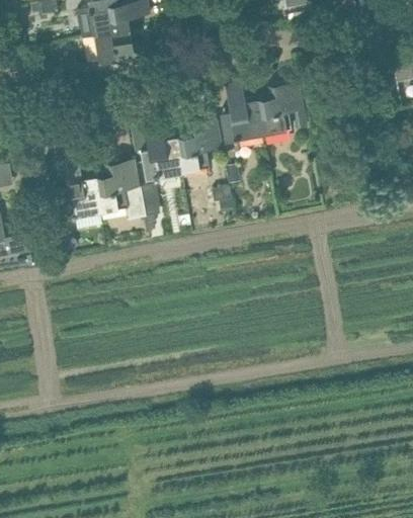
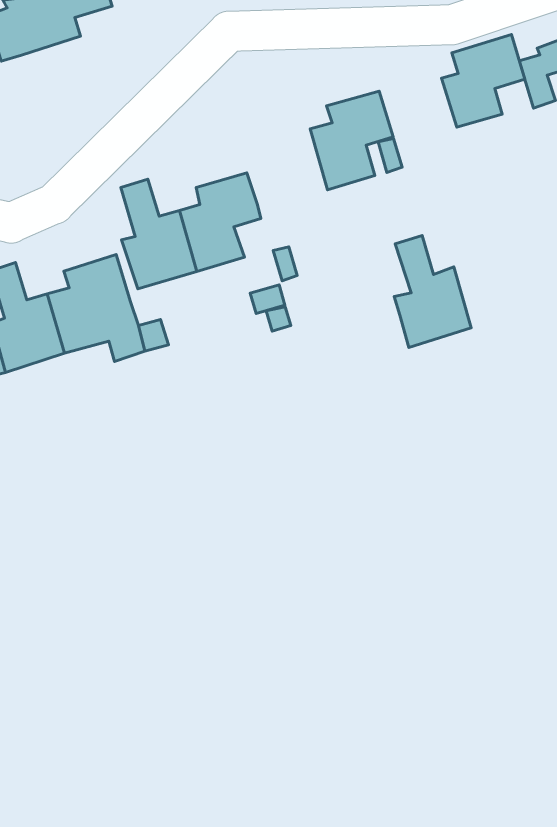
building: [94,28,148,76] -> none
building: none -> [441,35,525,127]
building: [220,77,262,141] -> [394,236,471,347]

